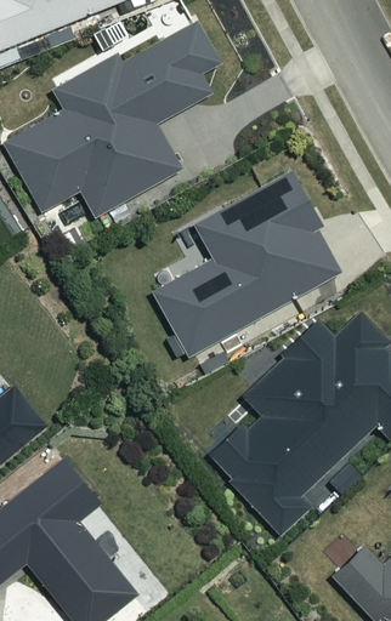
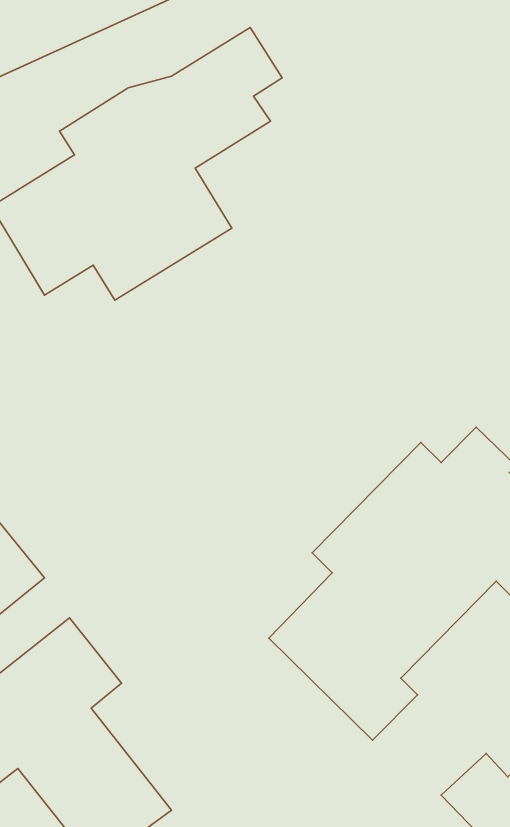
building: [154,166,339,358] -> none

